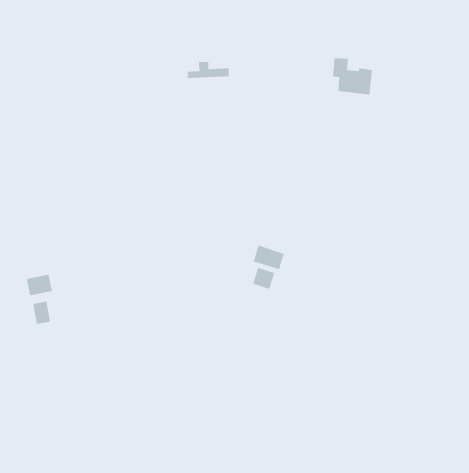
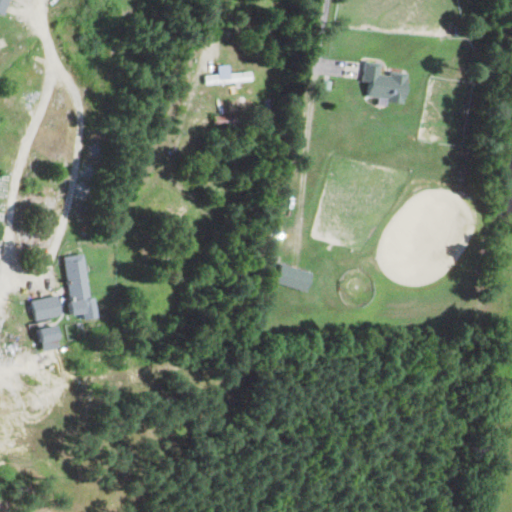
building: none -> [64,254,94,319]
building: [252,267,275,290] -> none

